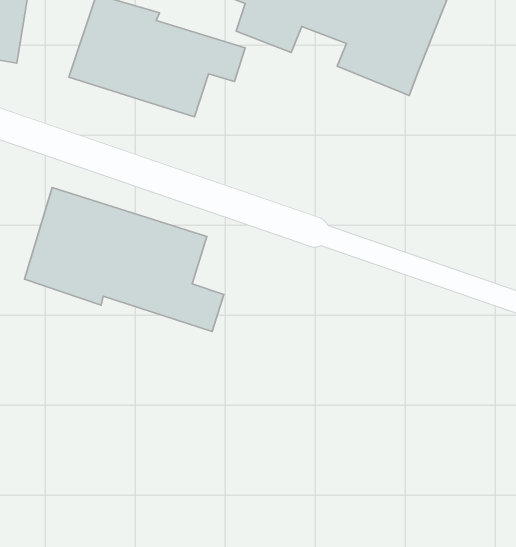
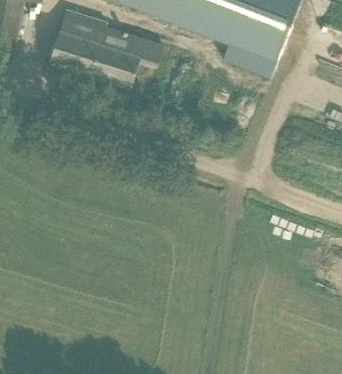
building: [25,187,224,331] -> none

